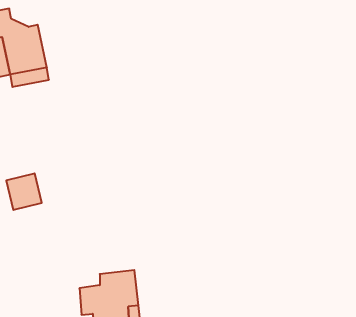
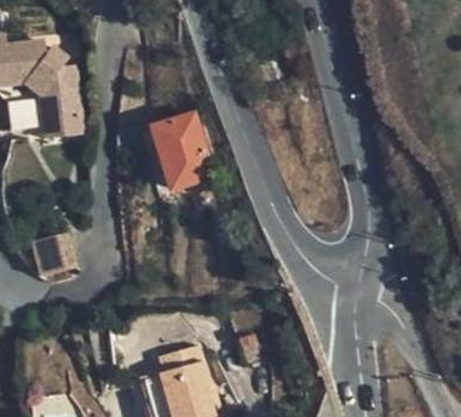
building: none -> [149,111,218,191]

